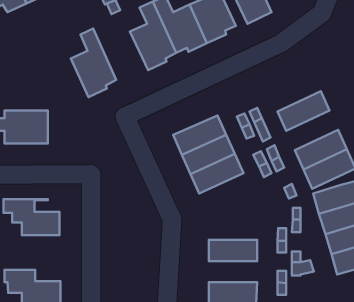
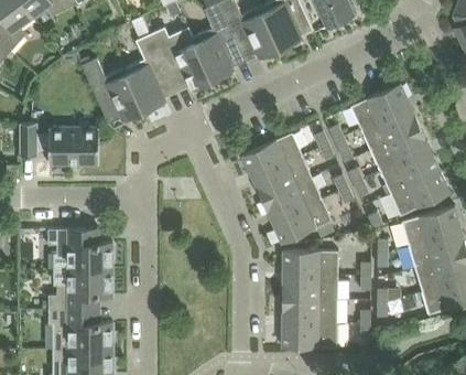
building: none -> [150,28,213,93]
building: none -> [82,58,144,125]
building: none -> [350,84,410,129]
building: none -> [370,128,430,173]
building: none -> [271,200,332,245]
building: none -> [282,251,337,276]
building: none -> [48,270,112,310]
building: none -> [282,300,347,324]

